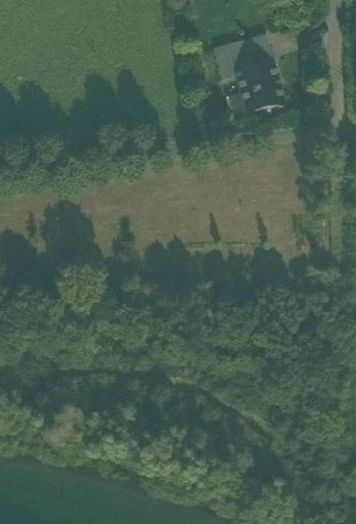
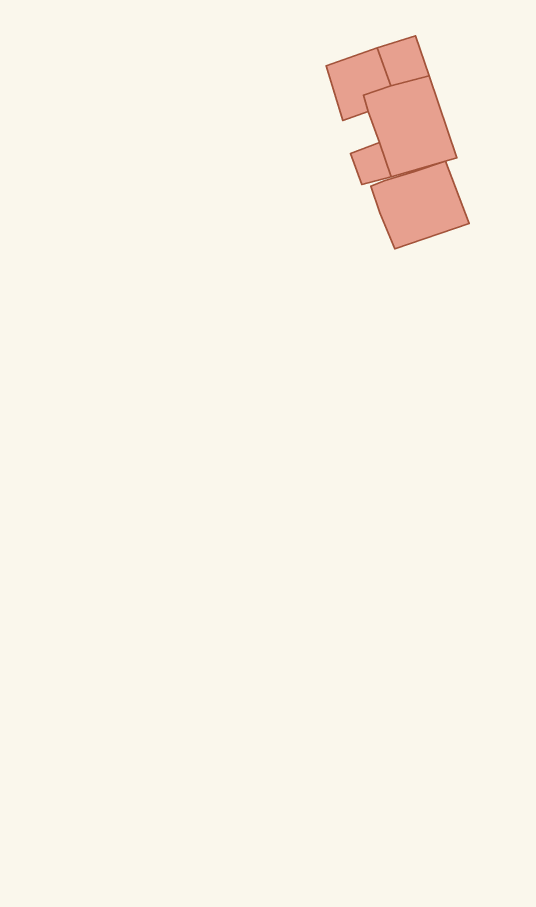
building: none -> [371,161,469,249]

